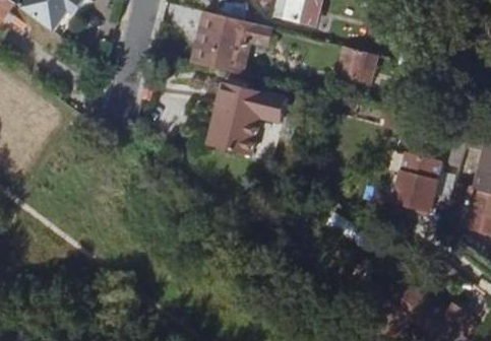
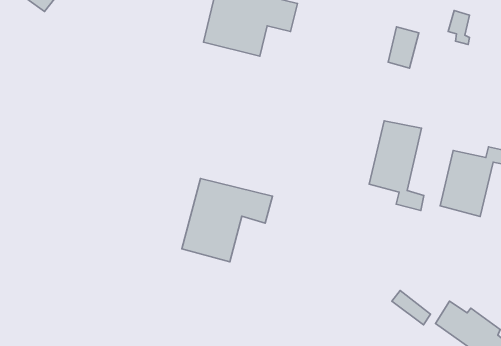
building: [209,83,288,155] -> [182,178,272,262]
building: none -> [369,121,424,210]

